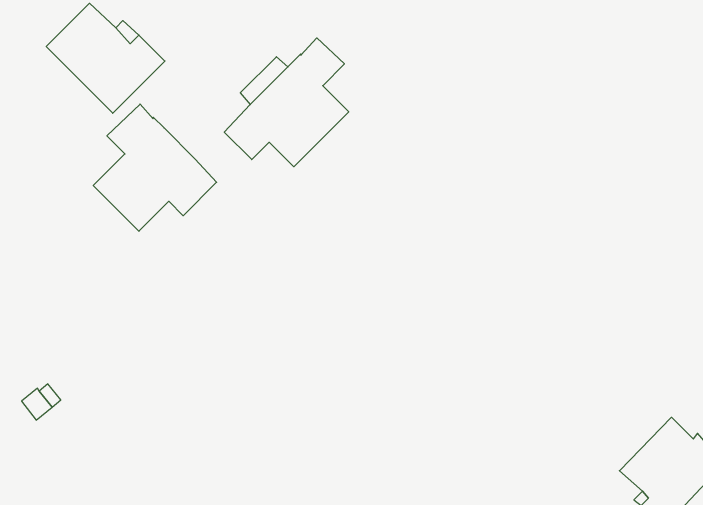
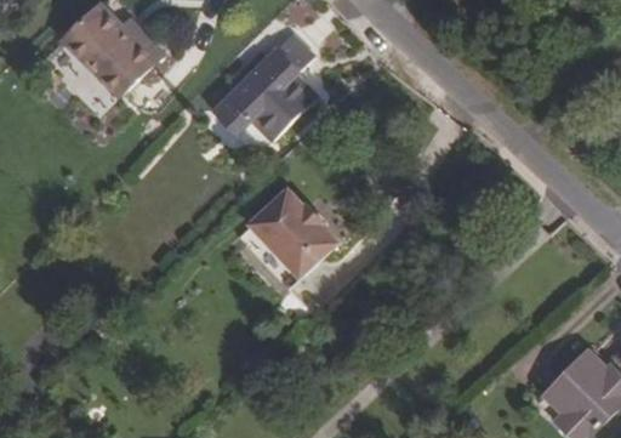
building: [93,104,217,231] -> none
building: none -> [251,190,336,277]

